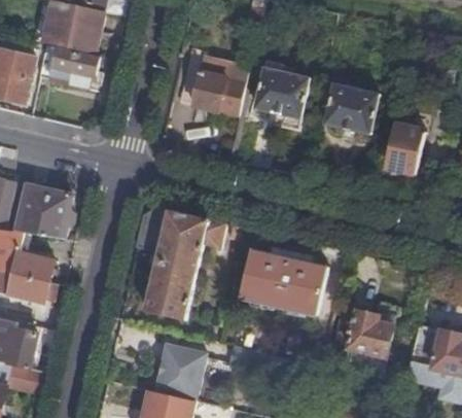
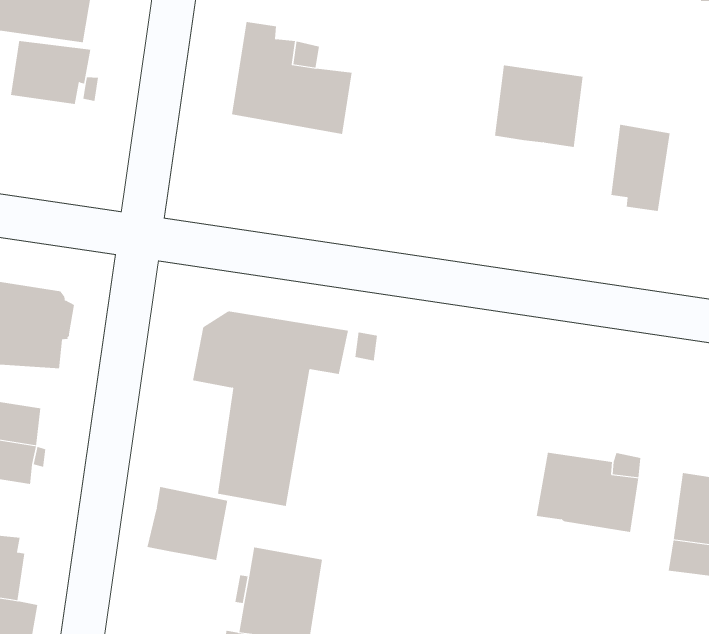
building: [254,67,309,126] -> none
building: [251,250,325,314] -> none
building: none -> [147,486,228,561]

